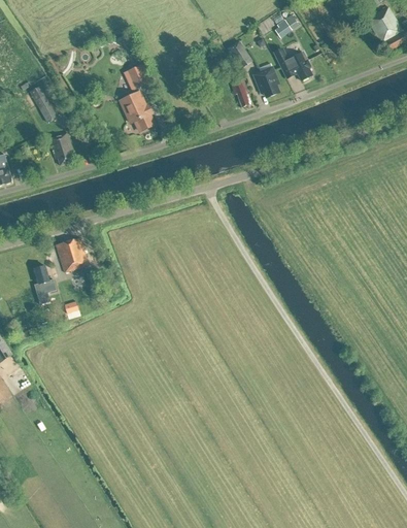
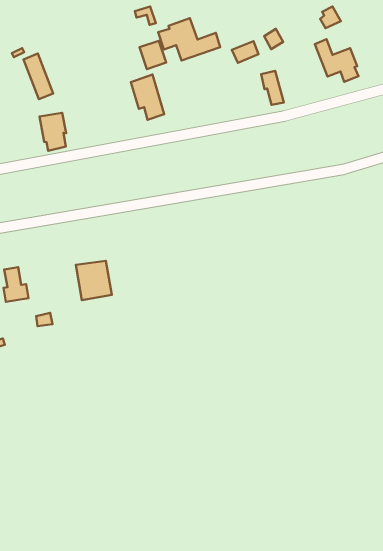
building: none -> [158,18,220,60]
building: [250,65,280,98] -> none
building: [55,237,88,272] -> [76,261,112,300]

